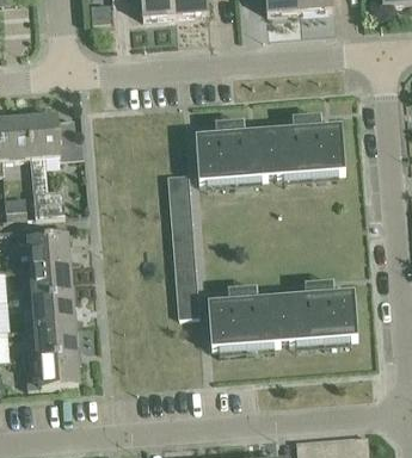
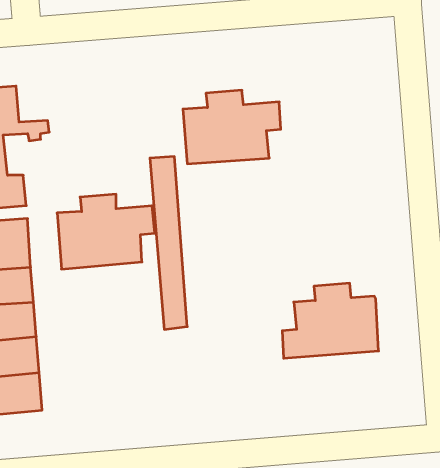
building: [264,113,345,175] -> none
building: [208,285,289,347] -> [57,194,155,269]

